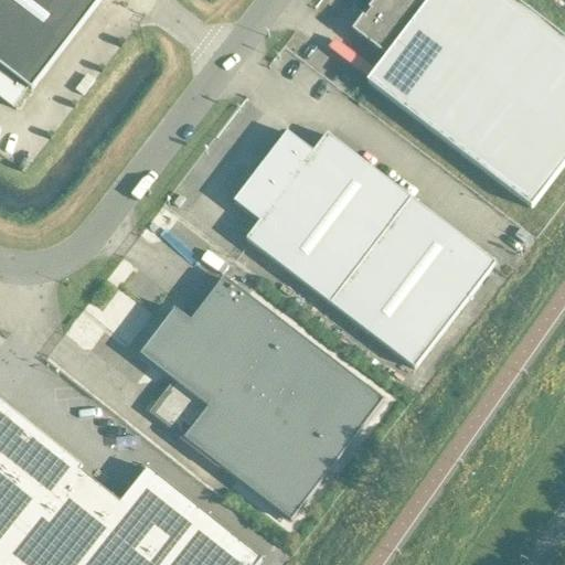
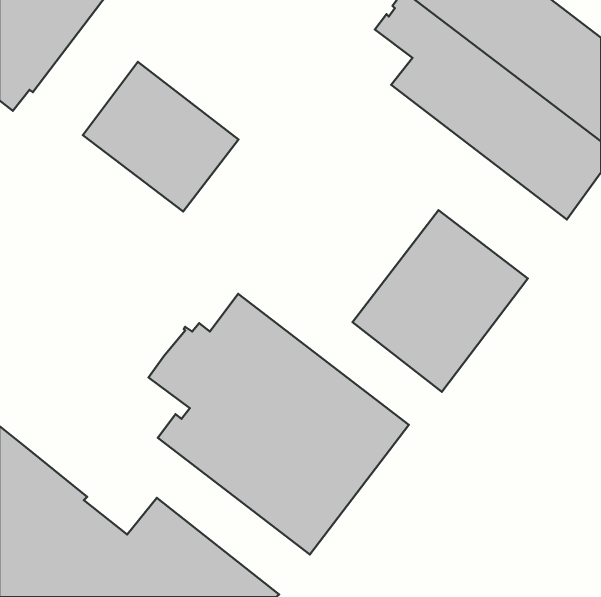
building: none -> [83,62,238,212]
building: [233,129,411,301] -> none

